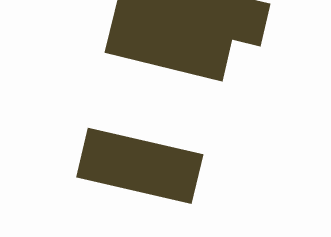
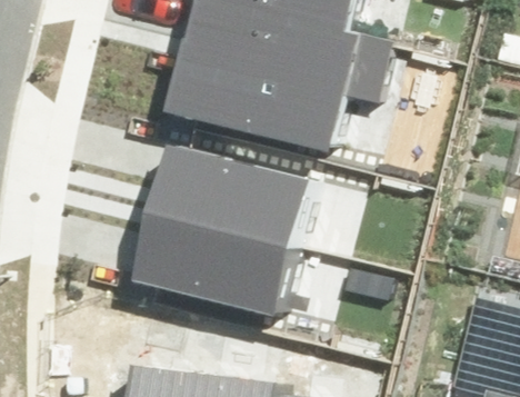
building: none -> [144,143,321,249]

